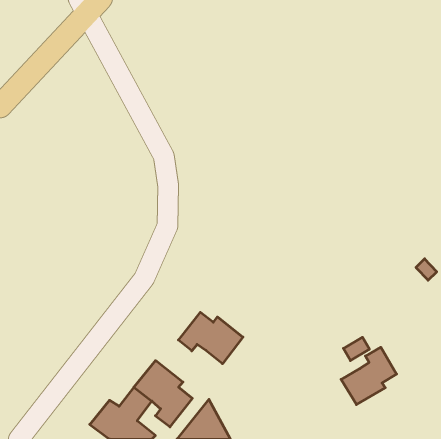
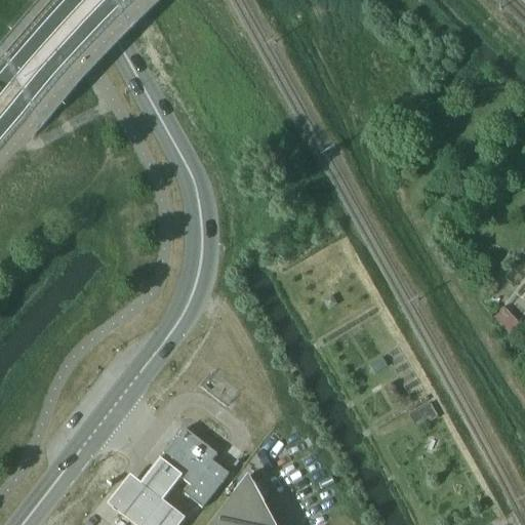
building: [178,312,243,364] -> none
building: [341,347,397,405] -> none

